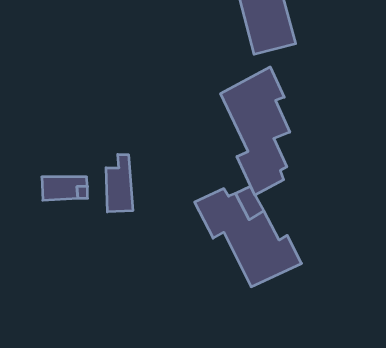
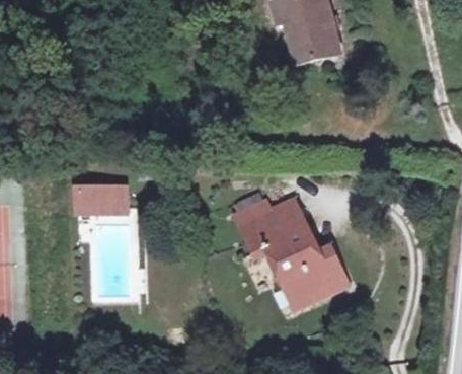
building: [221,67,290,195] -> none
building: [106,154,133,212] -> none

